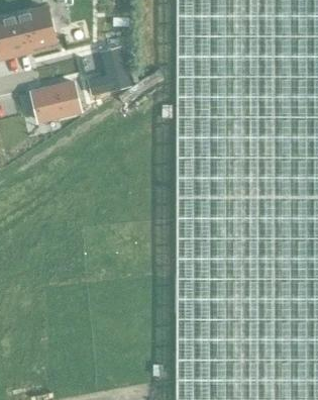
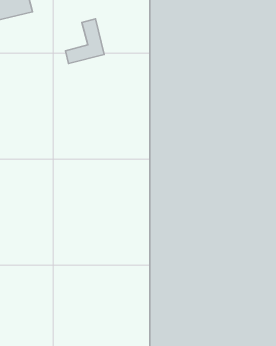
building: [31,82,80,121] -> none

